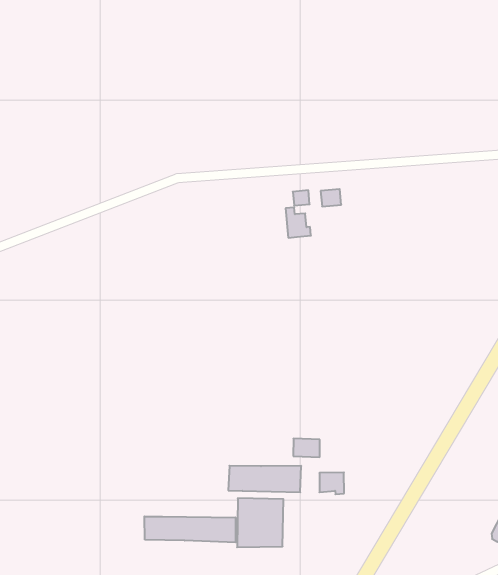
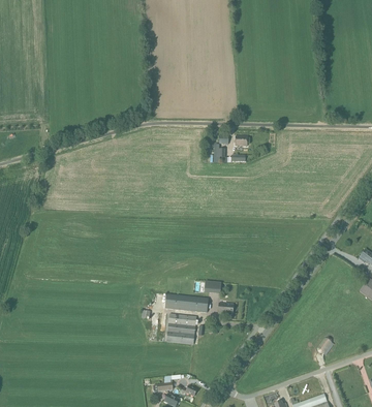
building: [144,516,236,542] -> none

